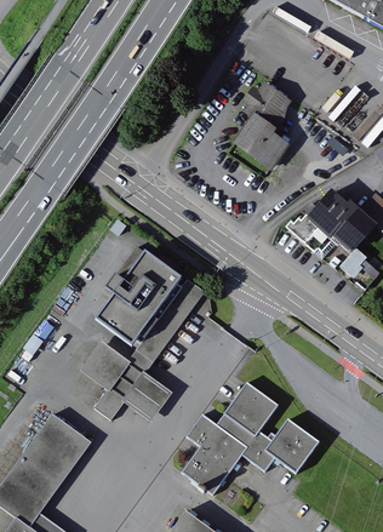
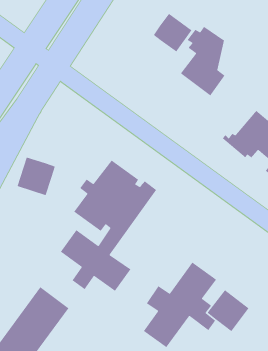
building: none -> [153,13,193,53]
building: none -> [17,156,56,196]

